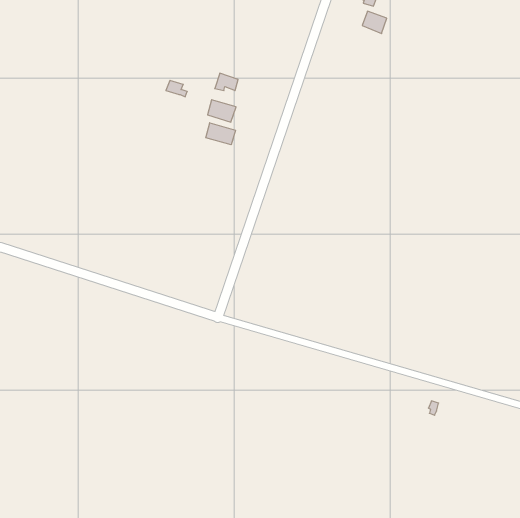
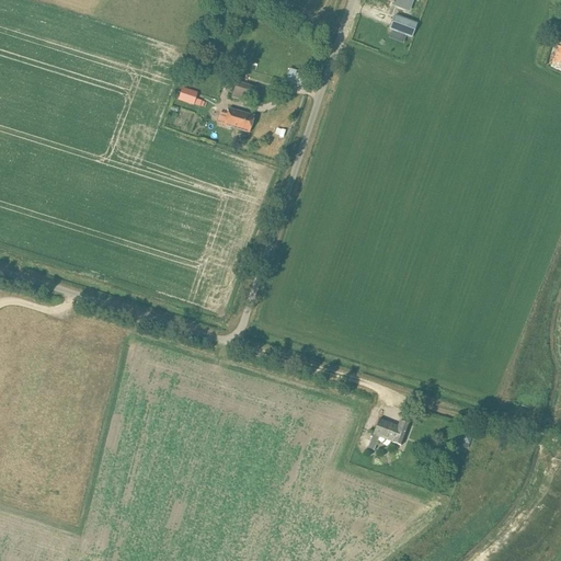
building: [206,123,236,145] -> none
building: none -> [368,416,410,448]

